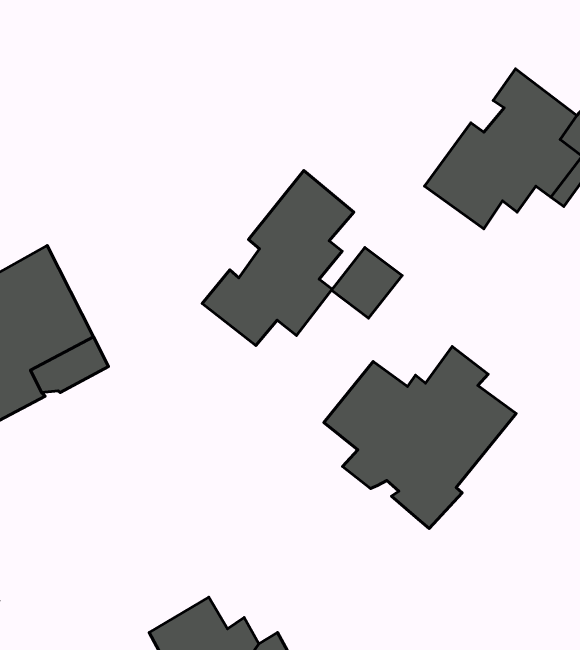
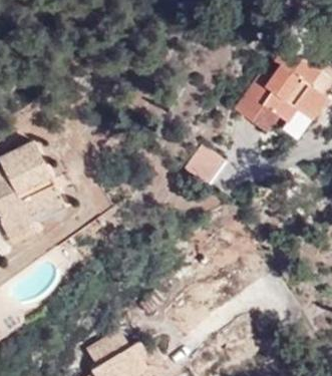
building: [202,171,354,346] -> none
building: [324,347,516,529] -> none

